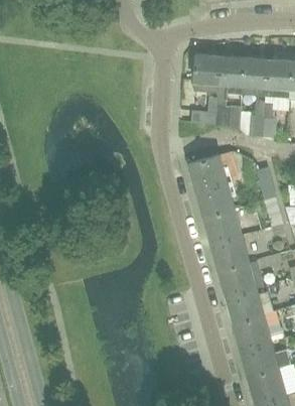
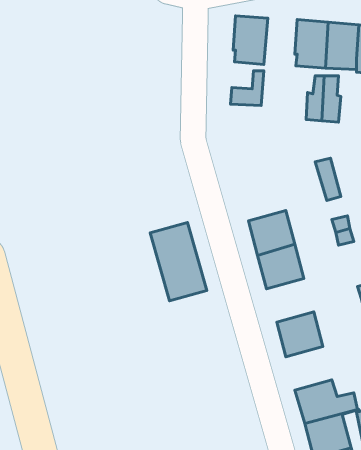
building: [216,55,243,93] -> none
building: [214,97,241,128] -> none
building: [189,153,234,215] -> [150,223,207,301]
building: [218,260,256,294] -> none
building: [234,313,270,348] -> none

